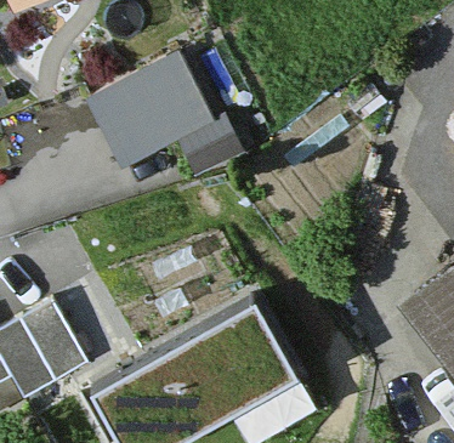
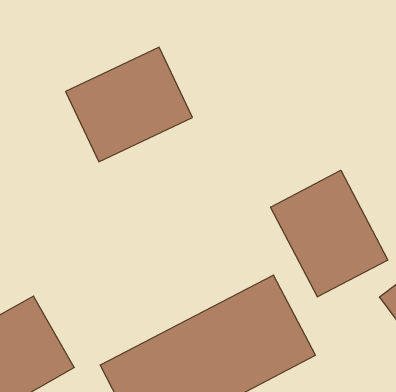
building: none -> [271,170,388,297]

